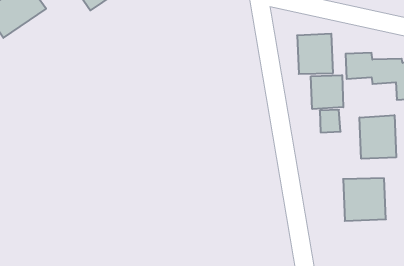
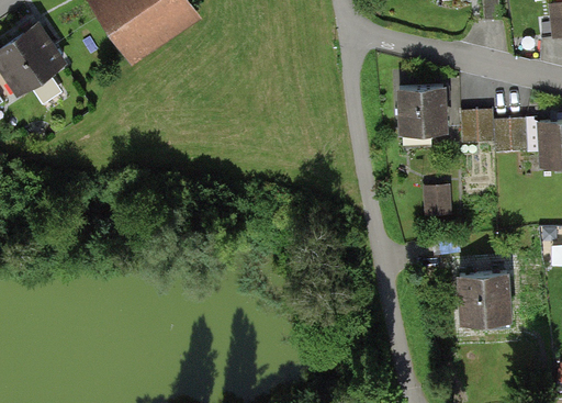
building: [311,75,343,109] -> none
building: [360,115,396,159] -> none

